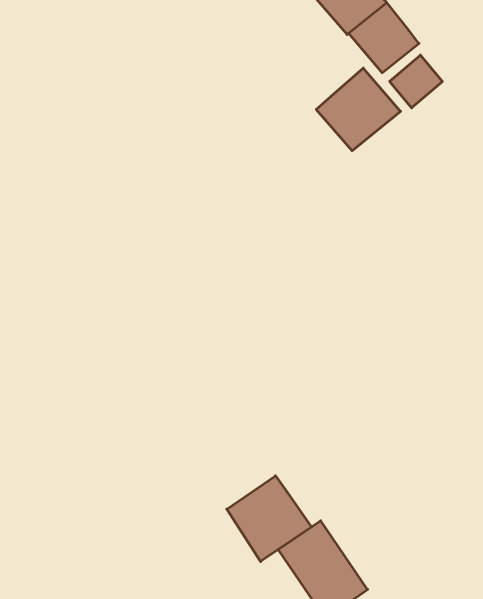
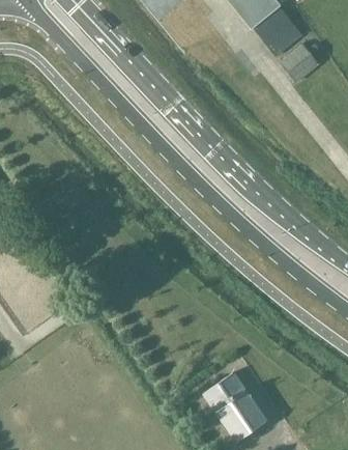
building: [316,68,401,151] -> none
building: [227,476,311,562] -> none

